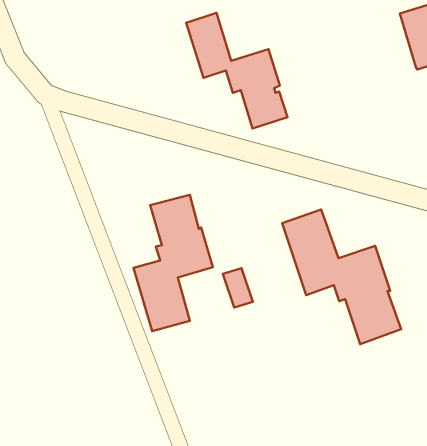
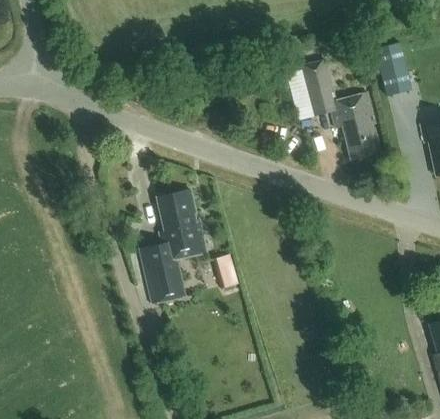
building: [186,13,288,129] -> [299,60,380,159]
building: [282,209,401,344] -> none

